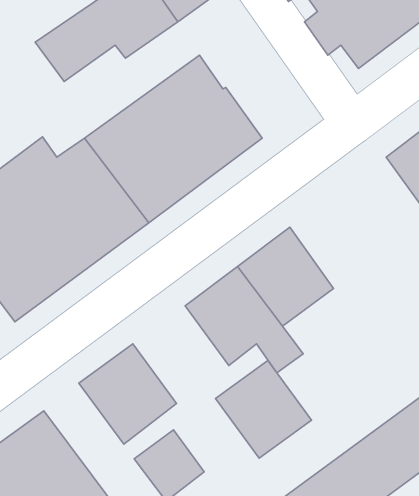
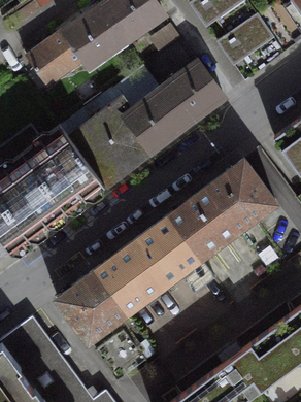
building: none -> [162,62,225,125]
building: none -> [207,160,276,231]
building: [215,361,311,458] -> [96,243,164,312]

